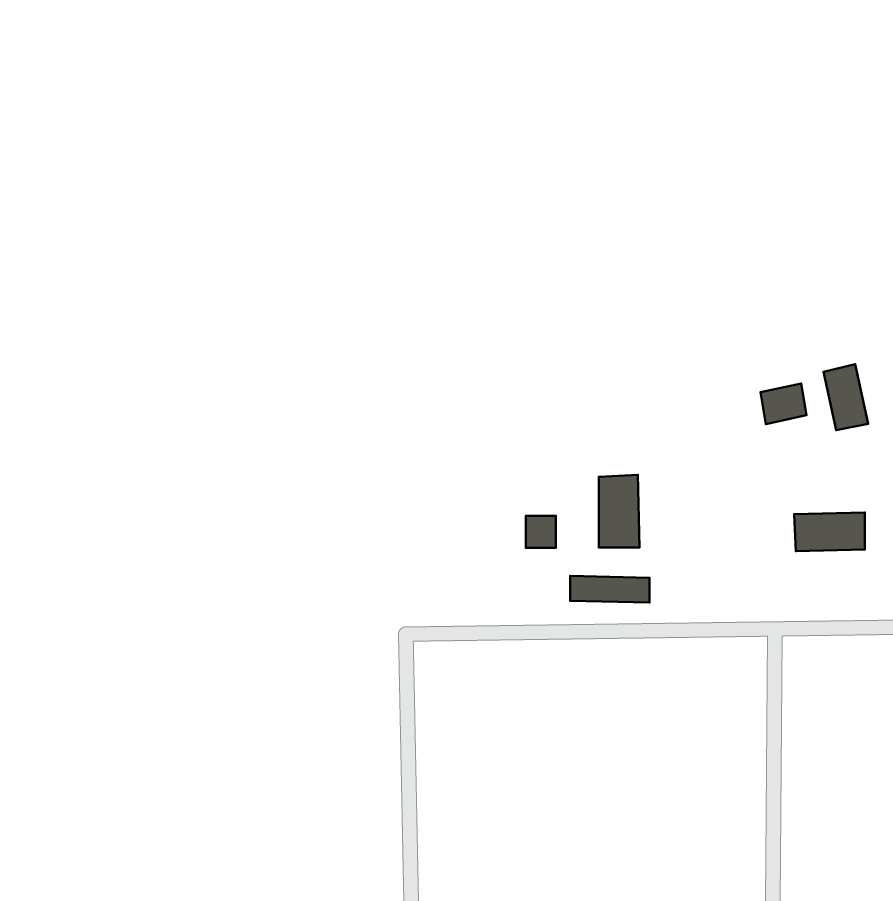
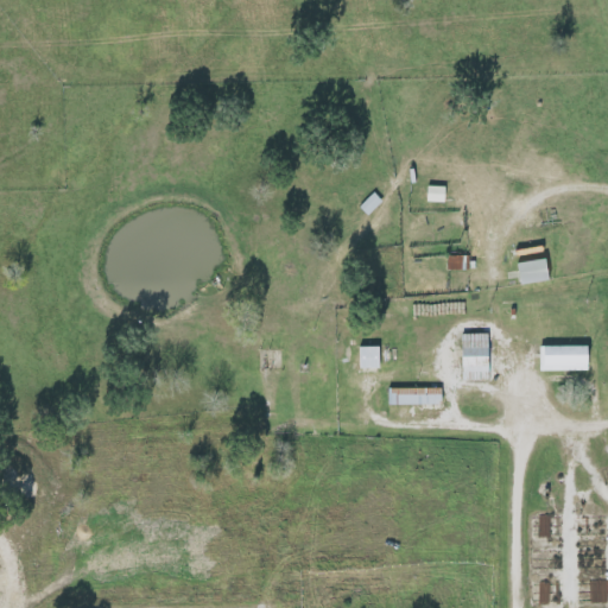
building: [824,364,868,430] -> none
building: [599,475,639,547] -> [463,332,490,381]

